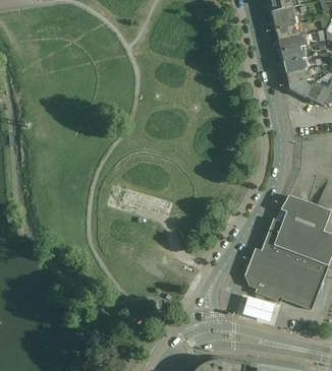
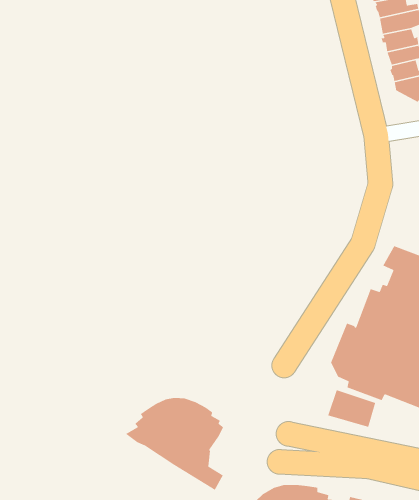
building: none -> [125,397,224,491]

